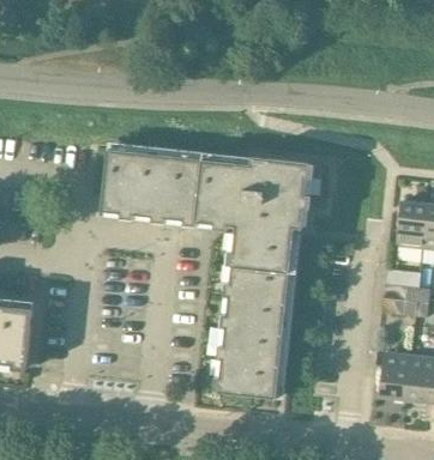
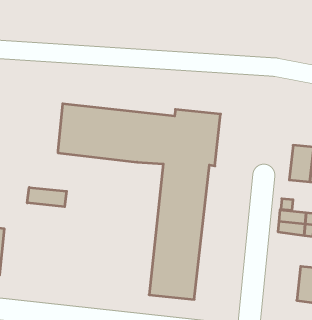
building: none -> [27,187,67,207]
building: [380,352,411,399] -> none

